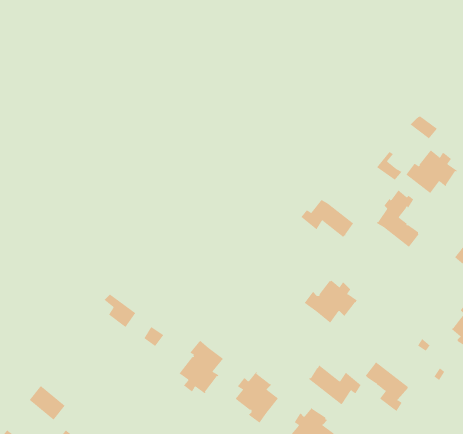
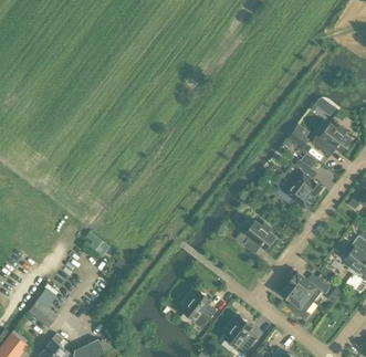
building: [301,199,355,237] -> [274,178,315,207]
building: [179,340,224,394] -> none
building: [309,365,362,404] -> [290,271,330,301]

